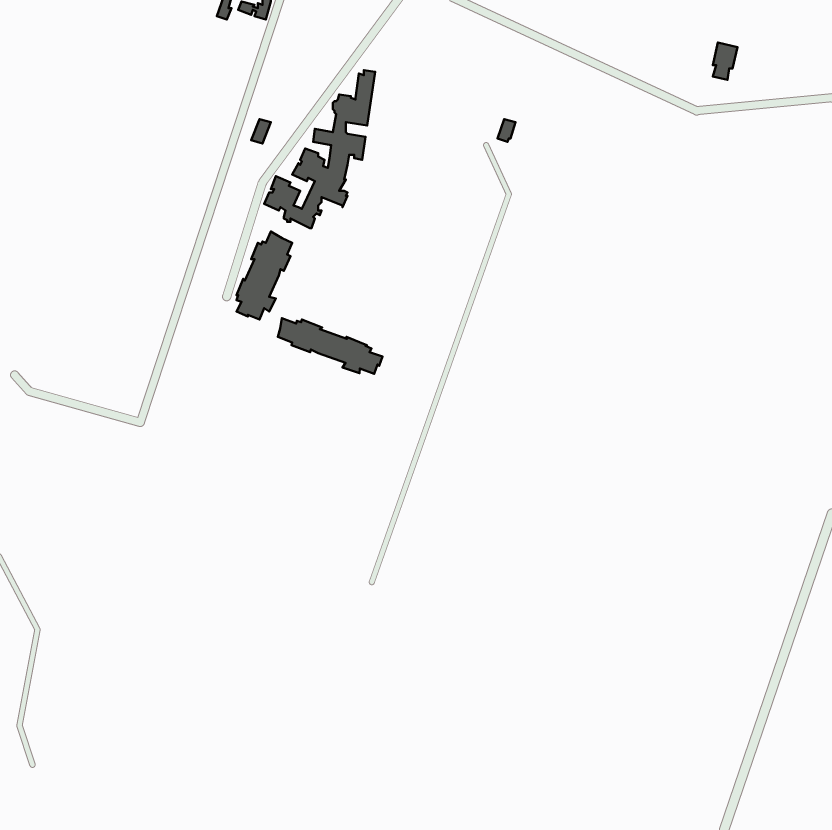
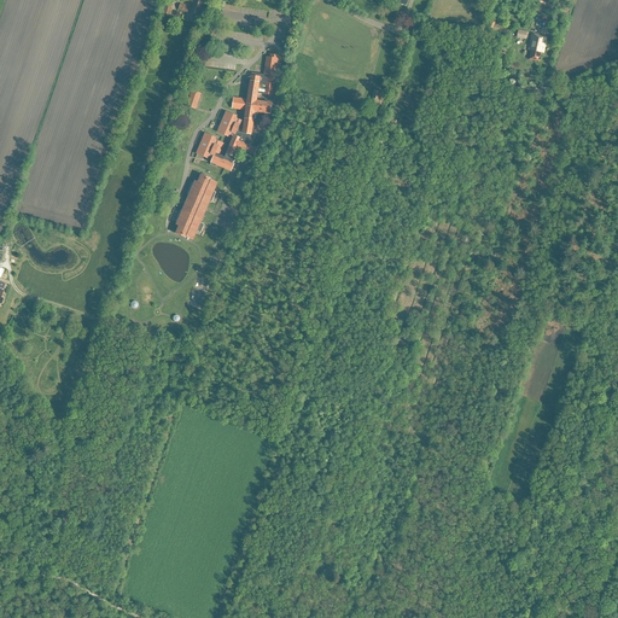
building: [278,318,382,374] -> none

